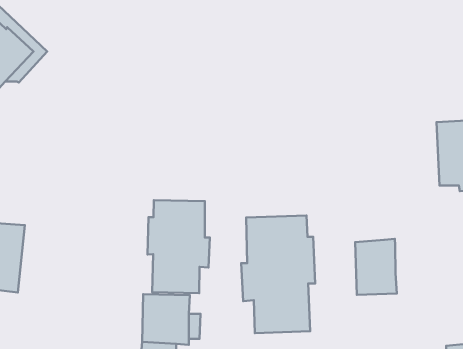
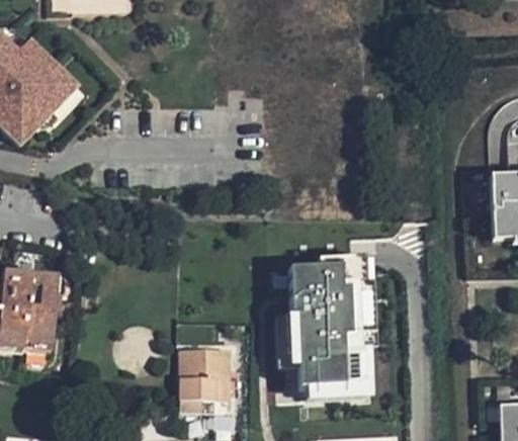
building: [147,200,210,293] -> none
building: [355,239,397,295] -> none

